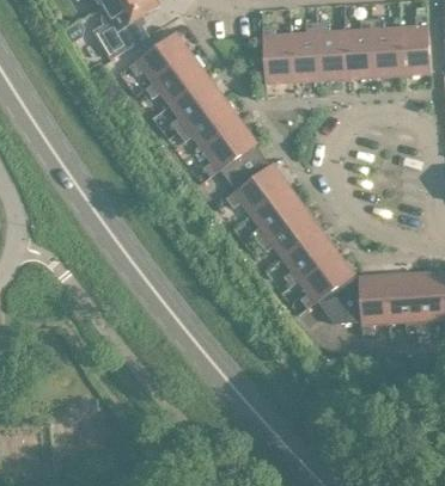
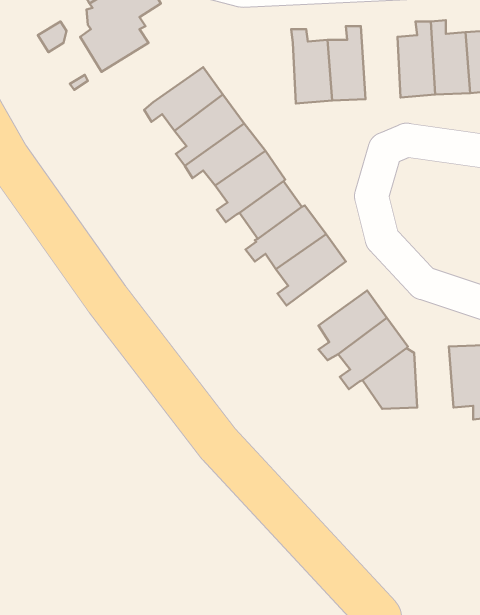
building: [316,21,347,80] -> none
building: [128,31,191,82] -> none
building: [257,208,321,258] -> none
building: [358,275,389,334] -> none

